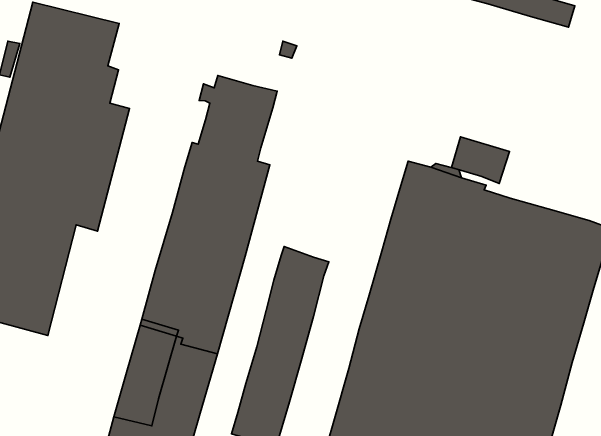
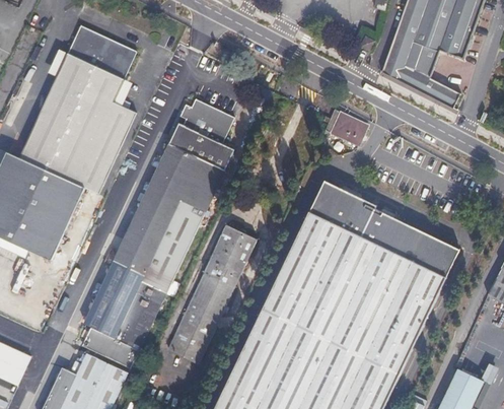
building: [451,137,509,184] -> [323,111,366,148]

